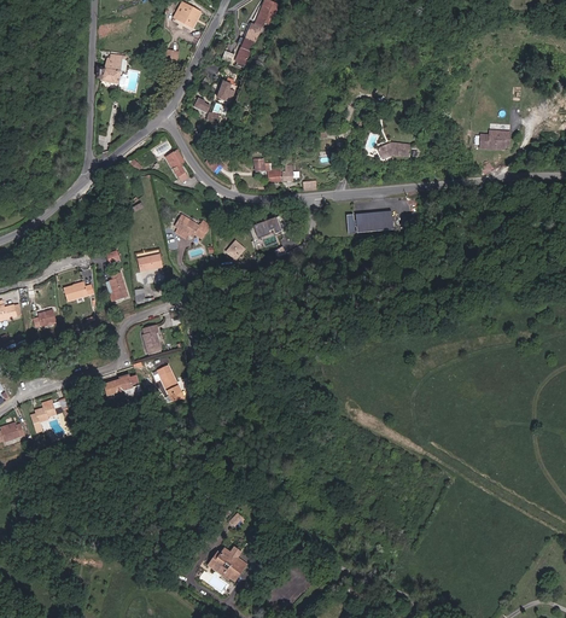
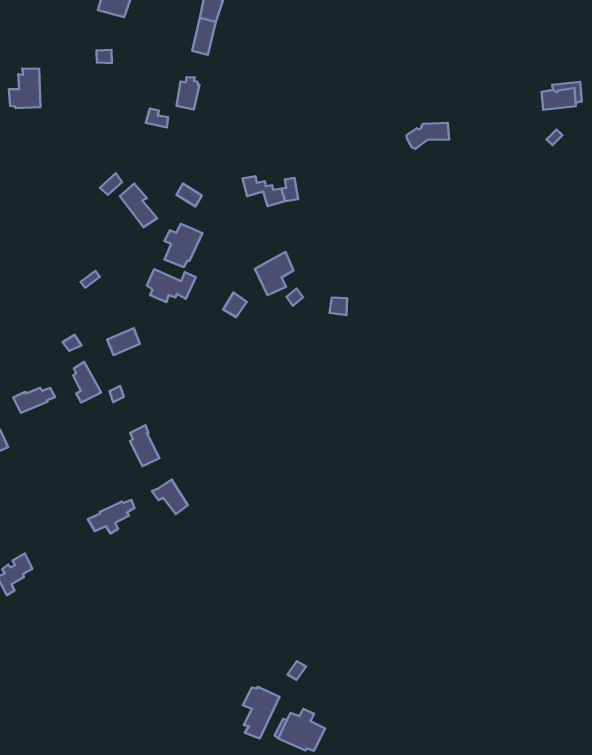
building: none -> [165,224,202,267]
building: [348,210,395,232] -> none
building: none -> [243,687,280,739]

